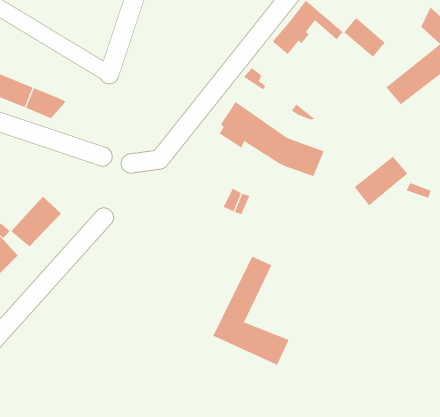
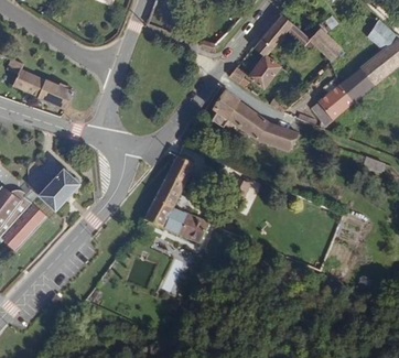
building: none -> [245,54,277,88]
building: [354,156,408,206] -> [311,83,355,123]
building: [212,256,290,365] -> [139,155,202,245]

